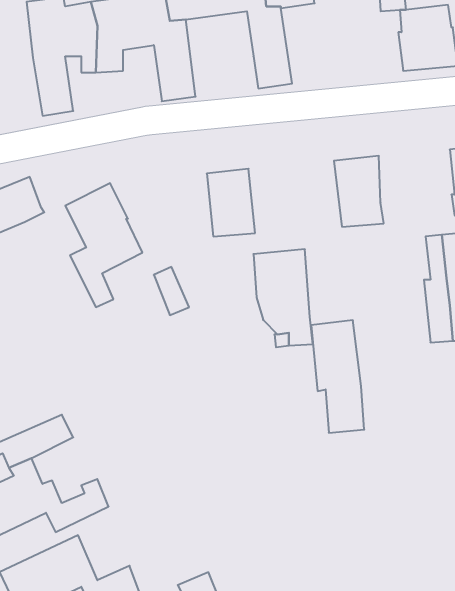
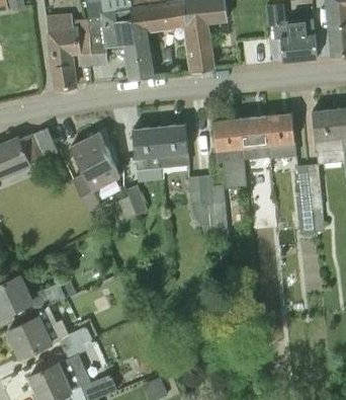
building: none -> [267,113,295,158]
building: none -> [132,127,163,168]
building: [311,320,364,433] -> [212,118,246,189]

